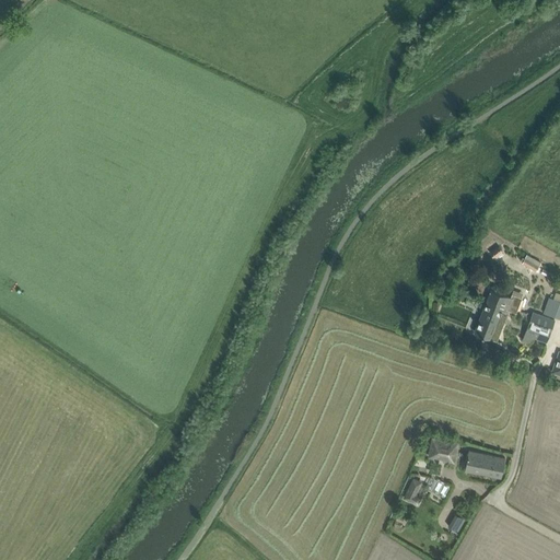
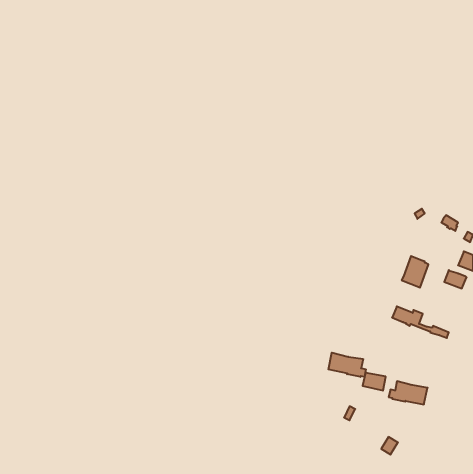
building: [485,289,551,326] -> [392,306,449,338]
building: none -> [328,353,366,377]

